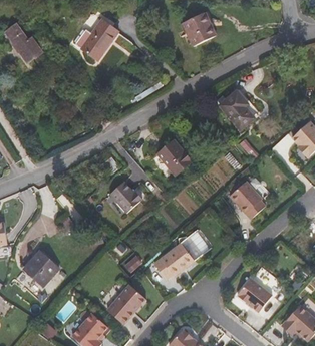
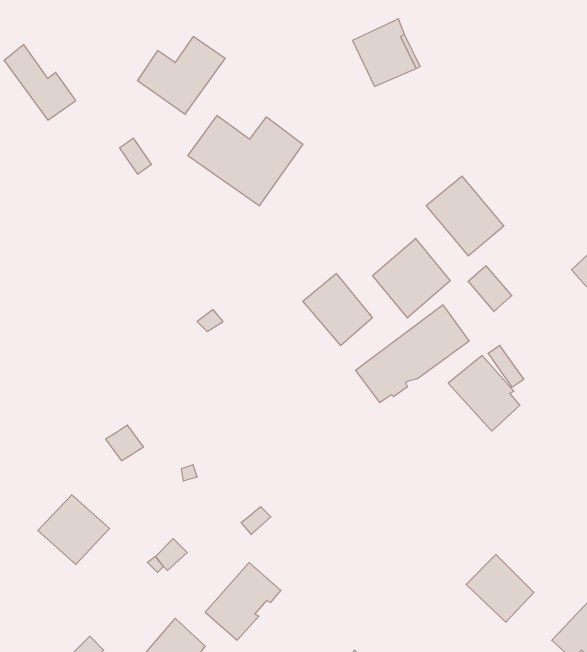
building: none -> [188,116,303,206]
building: none -> [373,238,450,318]
building: [108,183,141,214] -> none
building: [154,231,212,280] -> [356,305,469,403]

